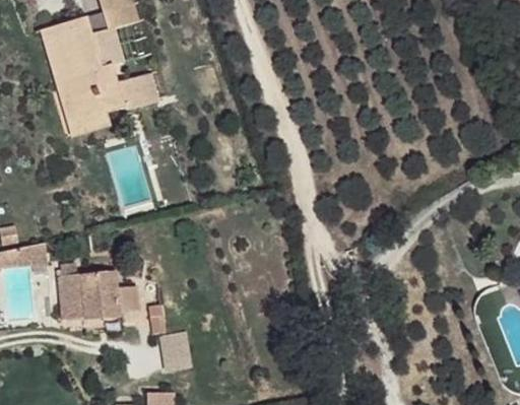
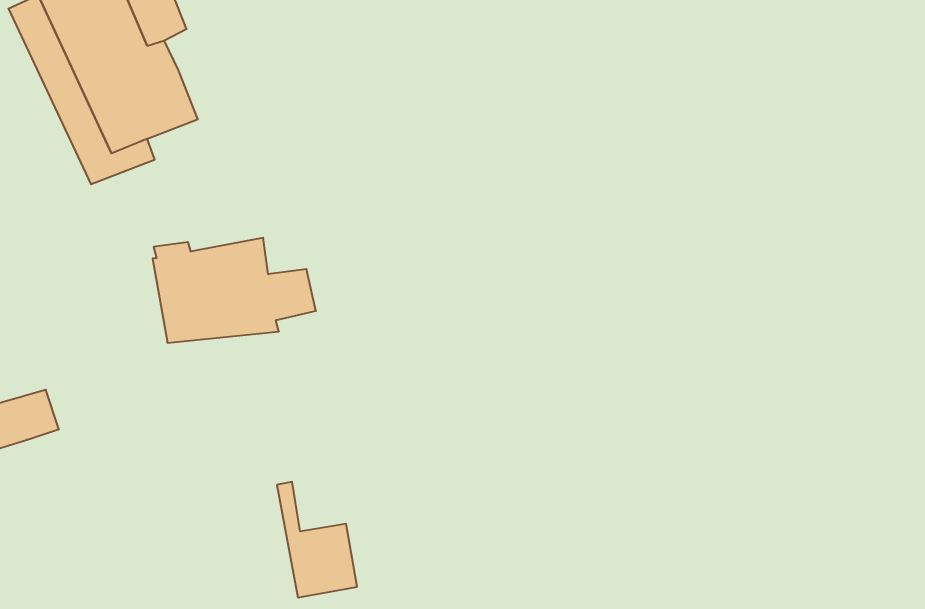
building: [119,69,168,109] -> none
building: [58,267,141,319] -> [153,238,316,343]

